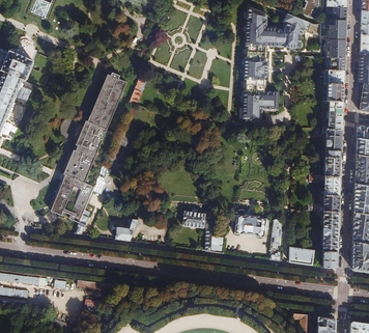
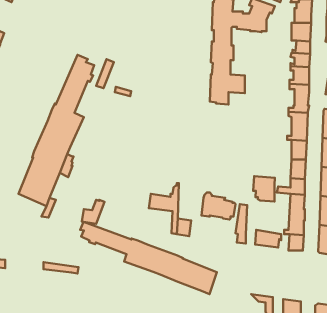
building: none -> [253,176,275,202]
building: none -> [80,222,217,294]

